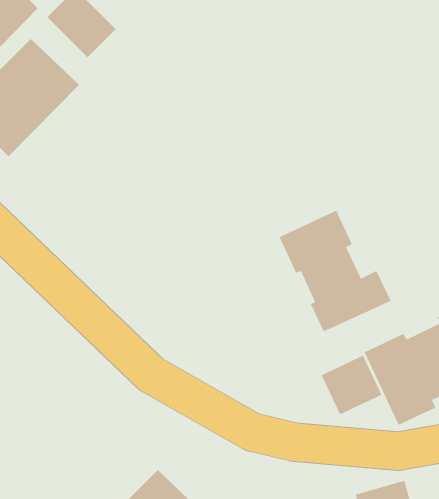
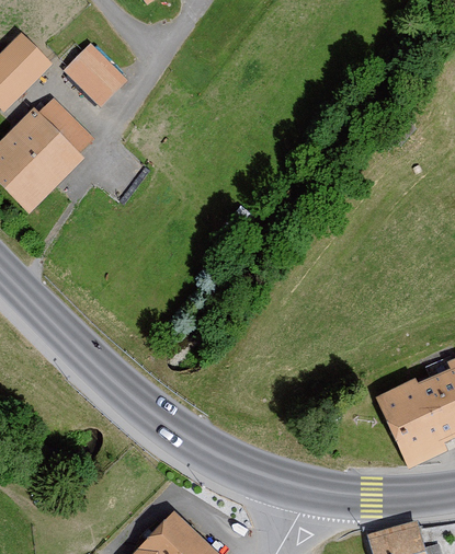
building: [279,210,392,332] -> none
building: [321,355,382,415] -> none

